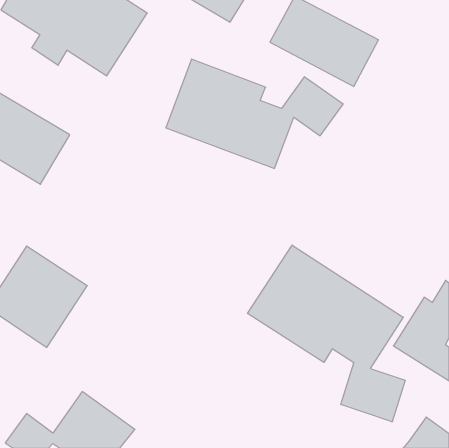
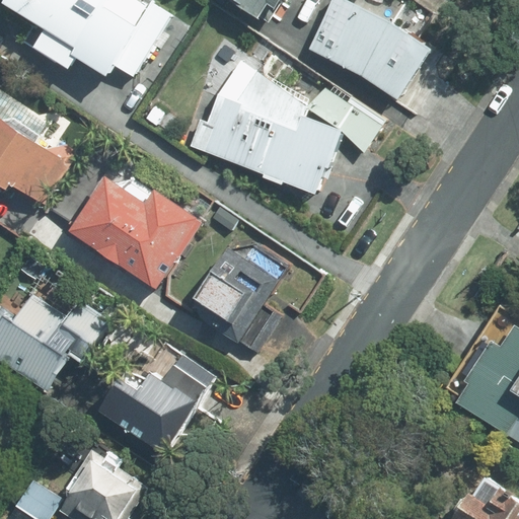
building: none -> [63,169,199,289]
building: none -> [189,240,295,343]
building: [248,245,405,422] -> none
building: none -> [90,348,216,460]

